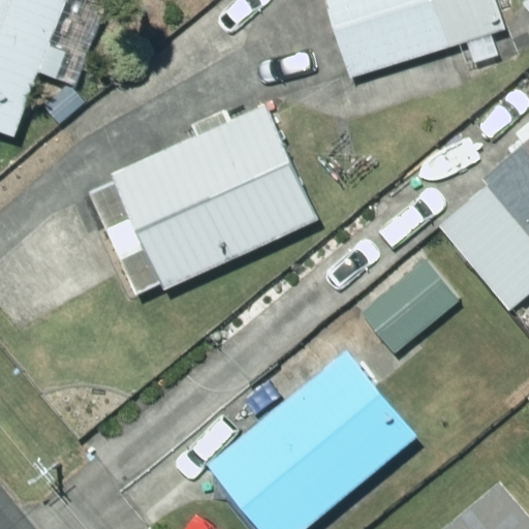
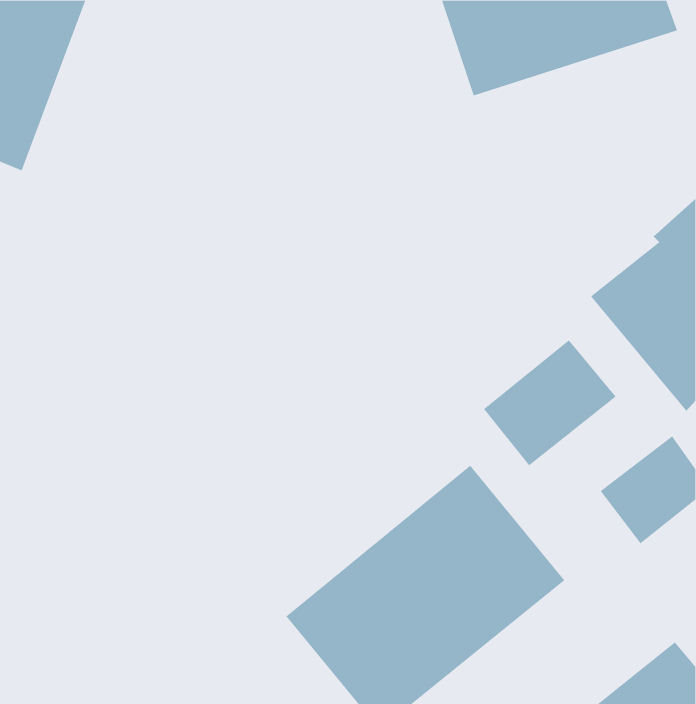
building: [113,102,321,288] -> none

